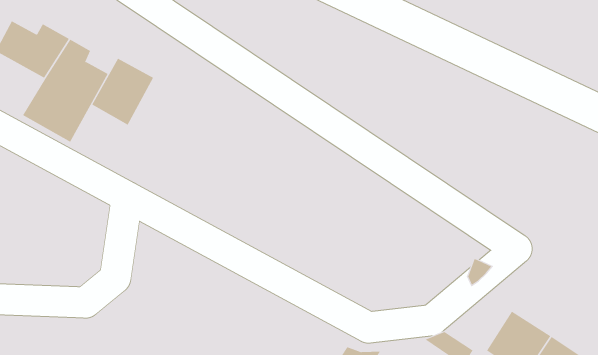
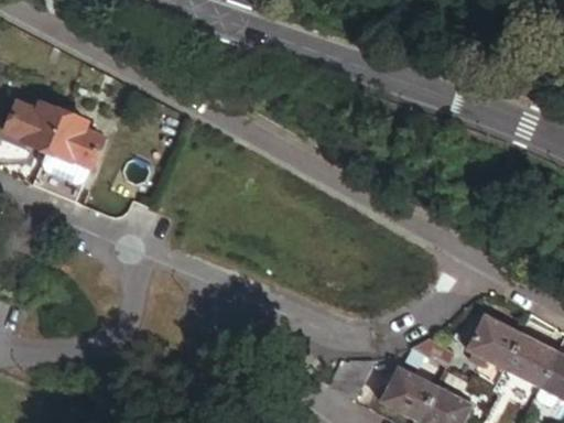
building: [91,58,154,125] -> none

